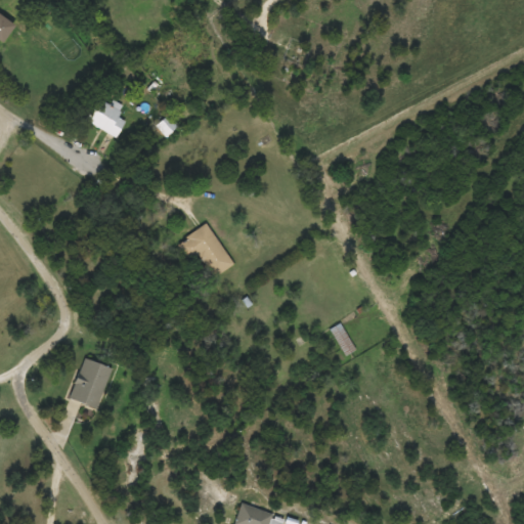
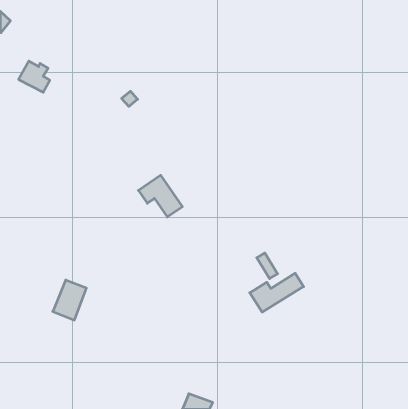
building: [85,97,125,137] -> [19,61,50,92]
building: none -> [250,273,304,312]

